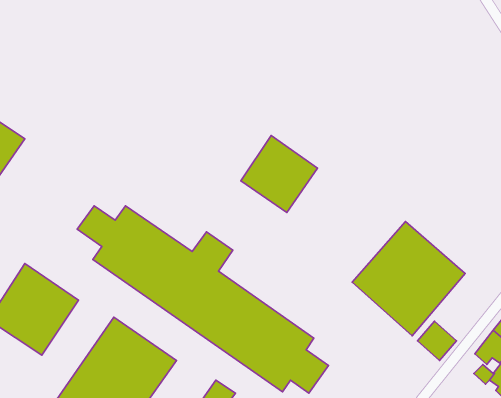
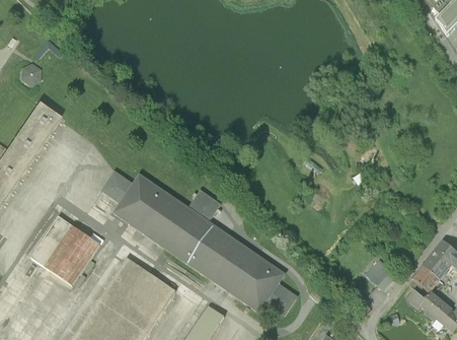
building: [241,136,317,212] -> none
building: [352,221,465,336] -> none

